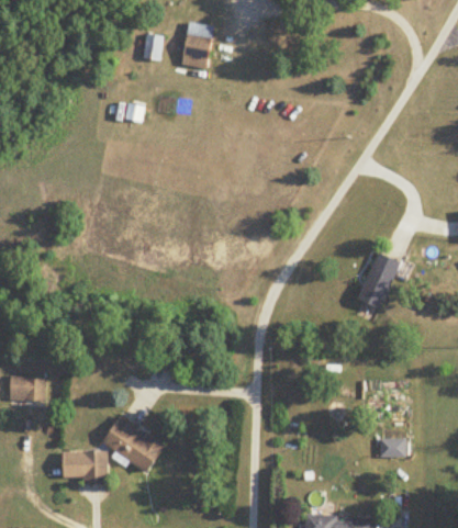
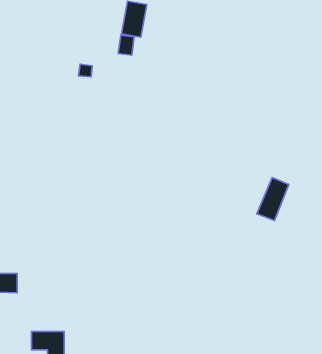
building: [142,33,163,59] -> [118,35,134,55]
building: [102,416,165,472] -> none
building: [378,438,403,457] -> none

